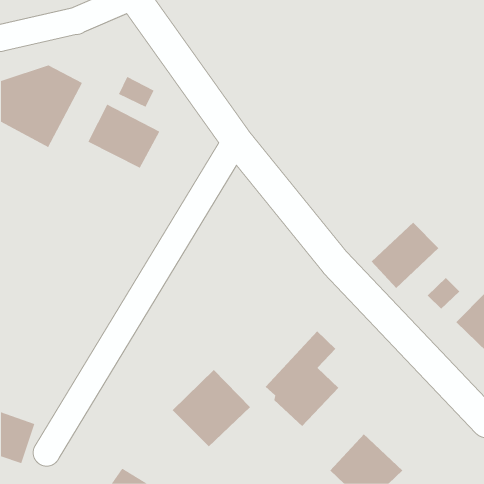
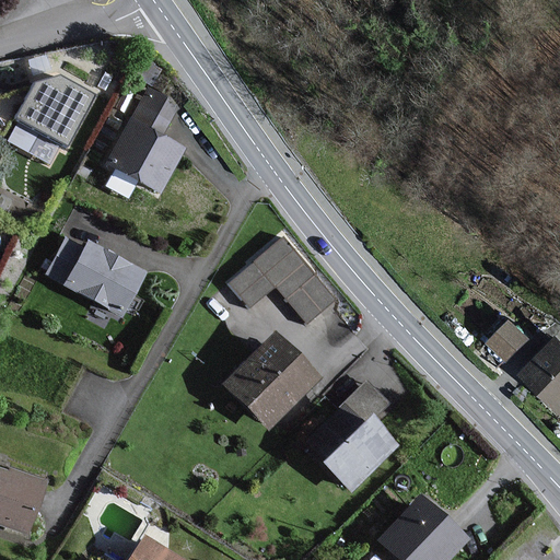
building: none -> [46,235,144,317]
building: none -> [235,240,335,318]
building: [371,222,439,289] -> none
building: [172,369,251,447] -> [226,334,317,423]

